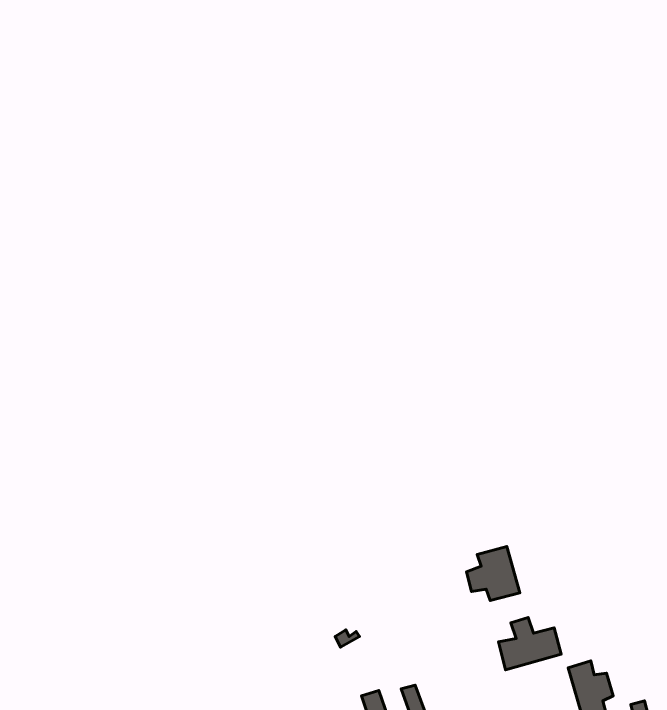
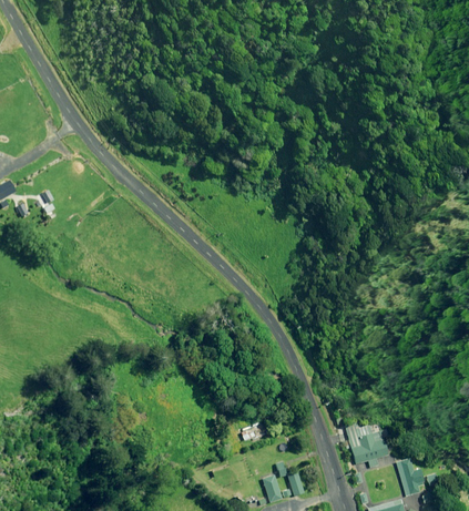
building: [466,547,520,601] -> none

